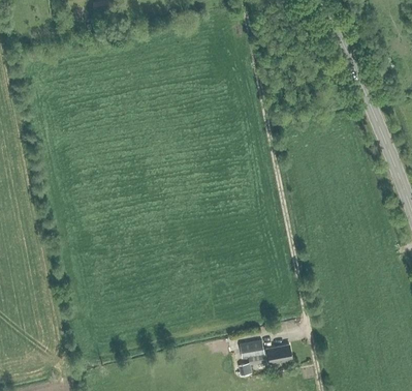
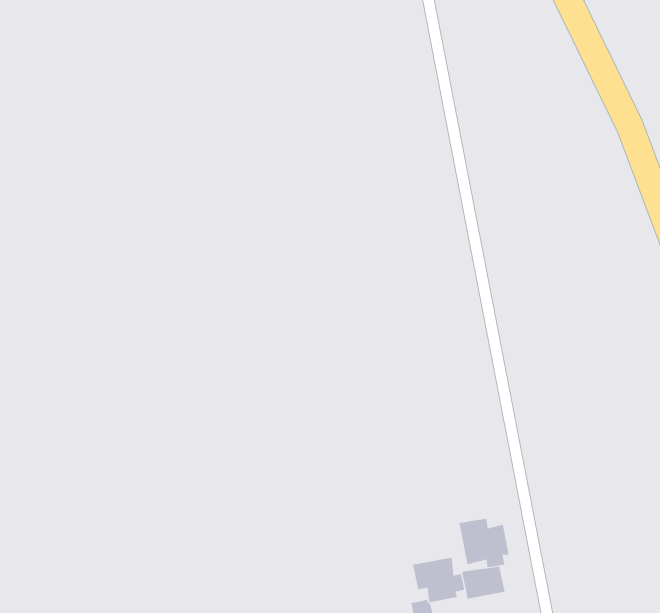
building: none -> [459,518,509,568]

